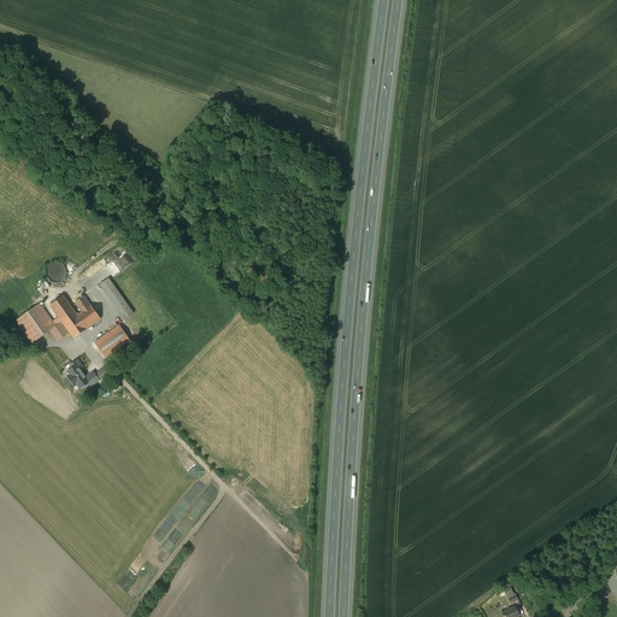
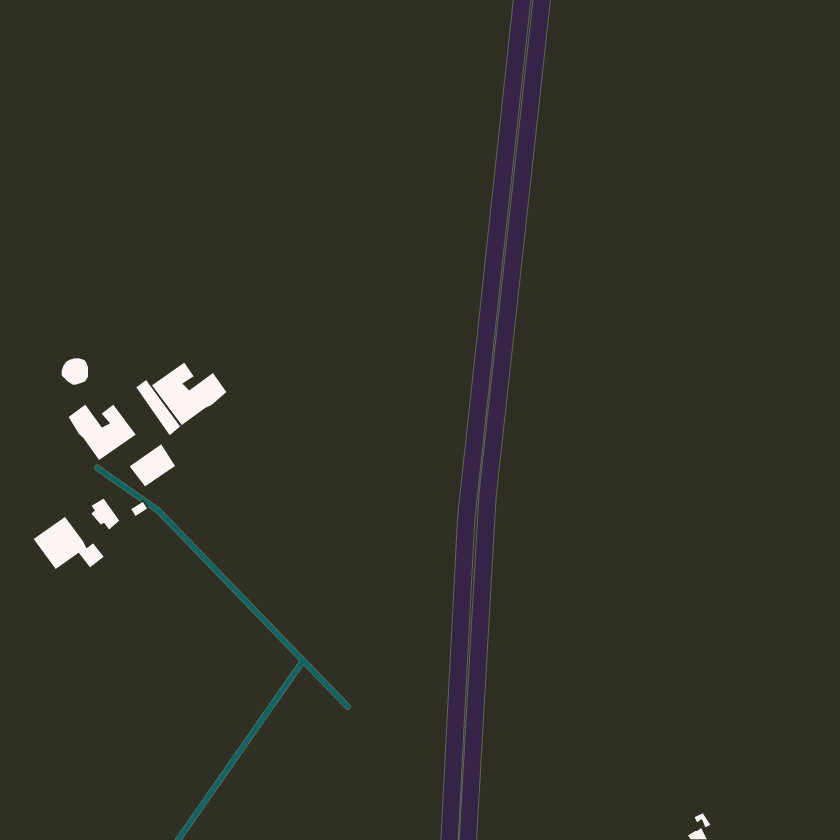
building: none -> [151,362,228,426]
building: [14,302,67,342] -> [32,516,105,570]

